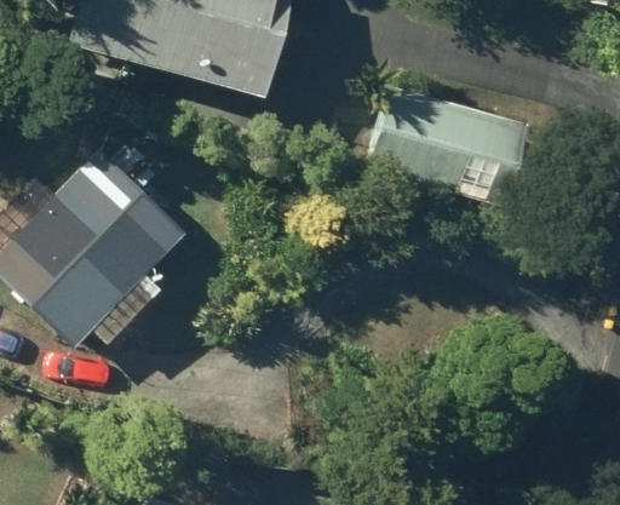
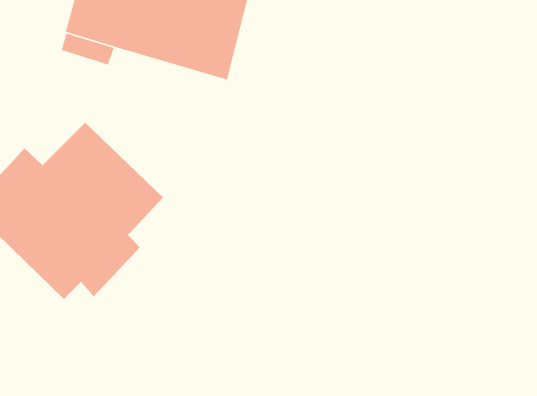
building: [372,88,533,213] -> none

